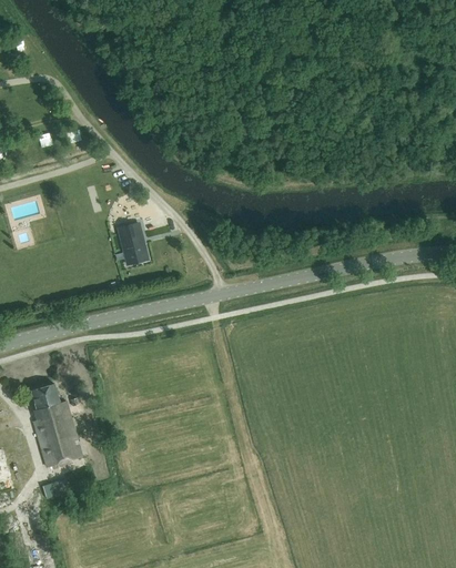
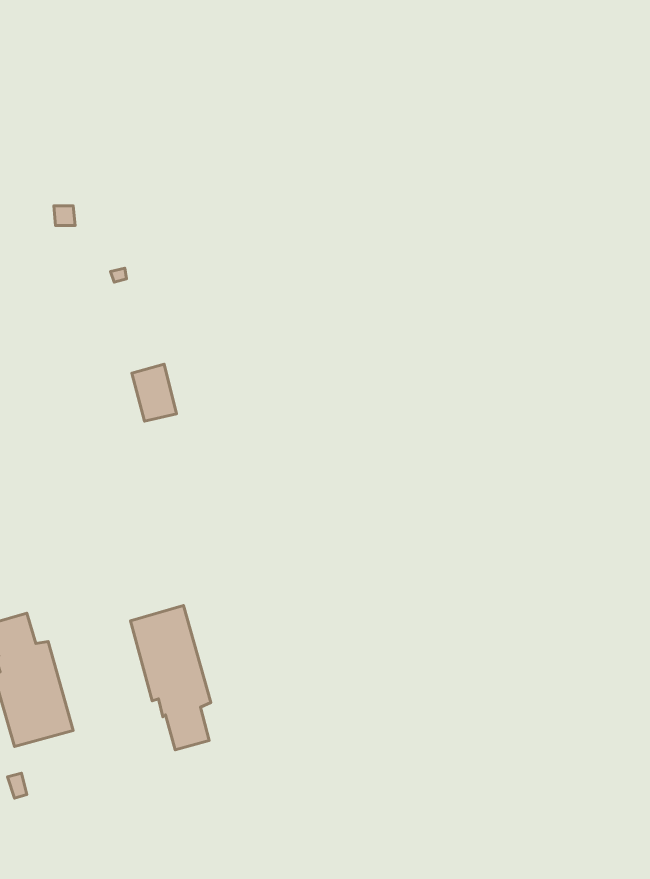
building: none -> [130,605,211,750]

